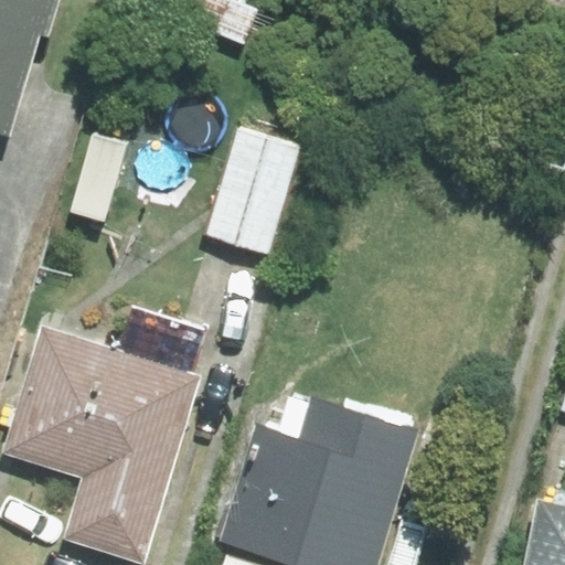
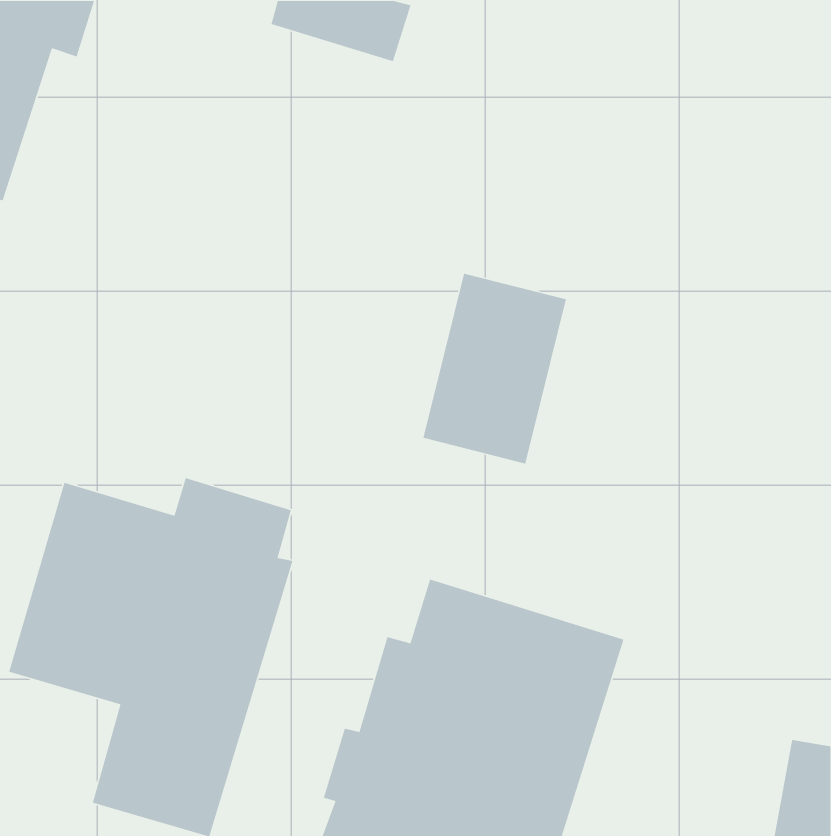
building: [204,127,301,256] -> [422,273,567,464]

